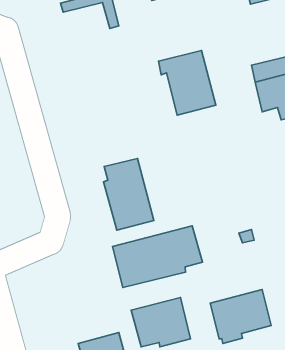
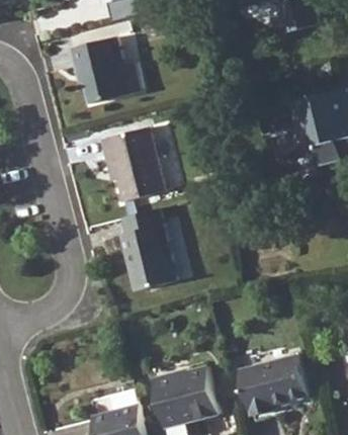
building: none -> [74,34,134,101]
building: [158,51,216,115] -> [103,126,168,199]
building: [113,226,202,287] -> none

